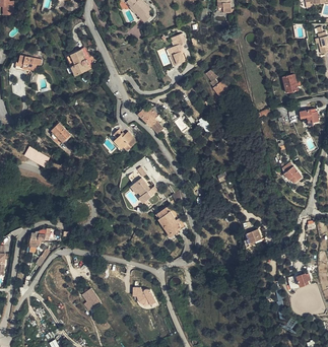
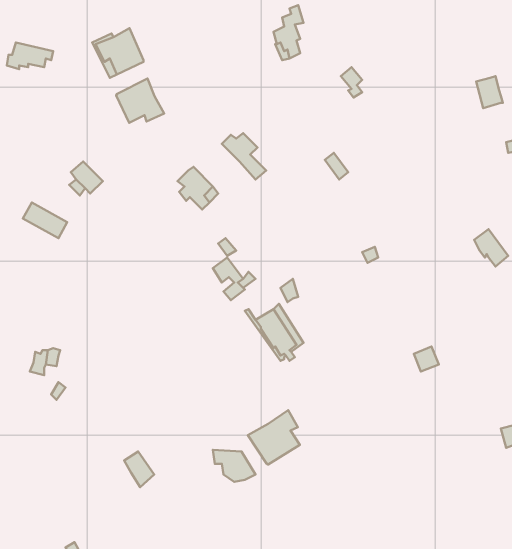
building: none -> [116,79,164,123]
building: none -> [248,410,300,464]

